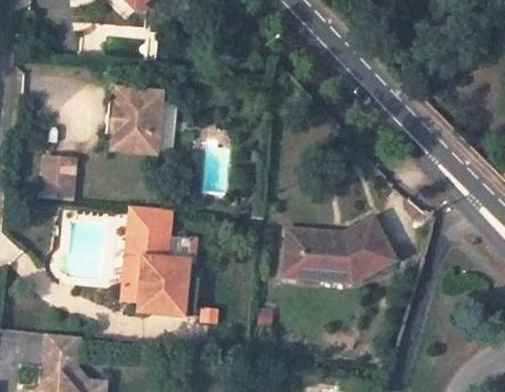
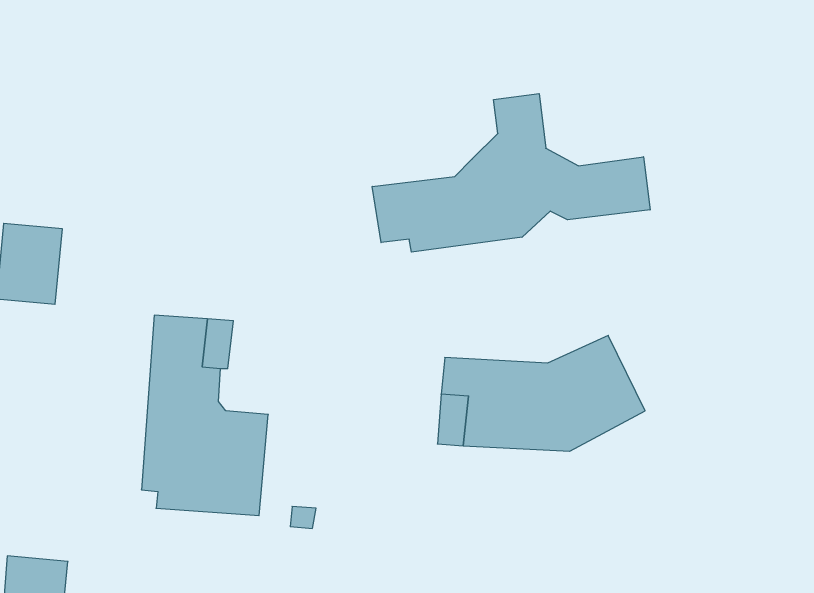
building: none -> [372,94,650,252]
building: [108,89,160,152] -> none

